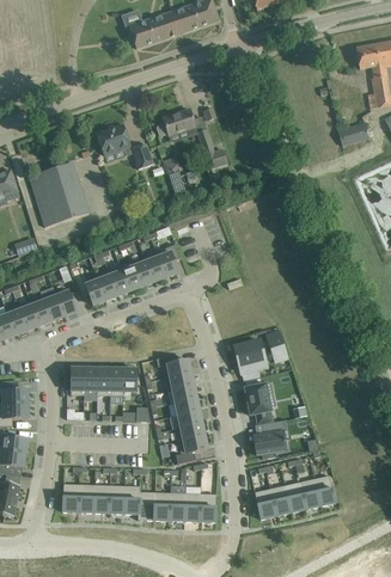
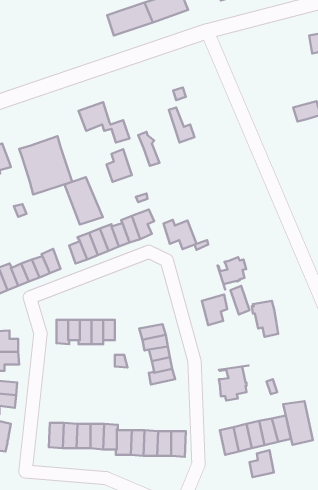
building: [157,109,195,136] -> none
building: none -> [107,149,132,182]
building: none -> [65,177,103,224]
building: none -> [163,220,196,249]
building: none -> [217,257,246,289]
building: [155,355,190,377] -> none
building: [243,383,273,424] -> [252,301,278,337]
building: [176,435,207,464] -> none
building: none -> [283,401,313,445]
building: none -> [250,450,274,477]

